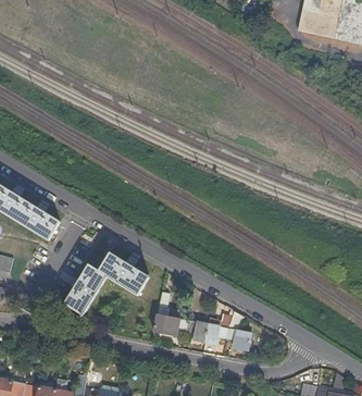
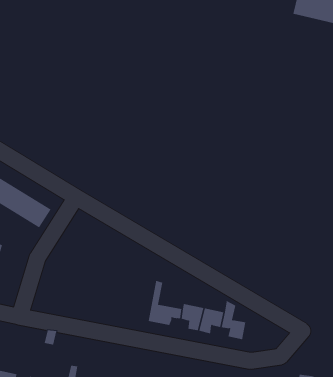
building: [64,251,148,313] -> none

